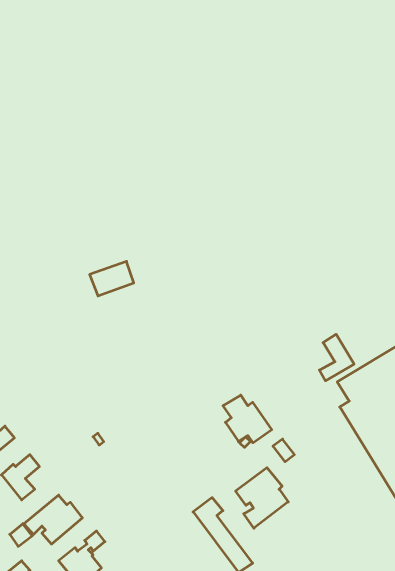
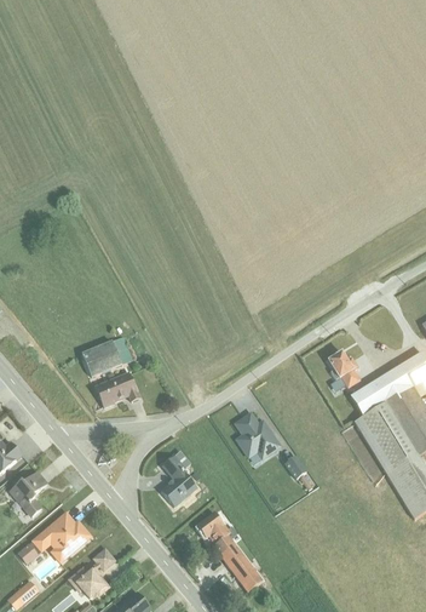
building: [90,261,134,296] -> [84,334,128,370]
building: none -> [94,371,137,402]
building: none -> [159,450,200,509]
building: [236,468,288,528] -> none

